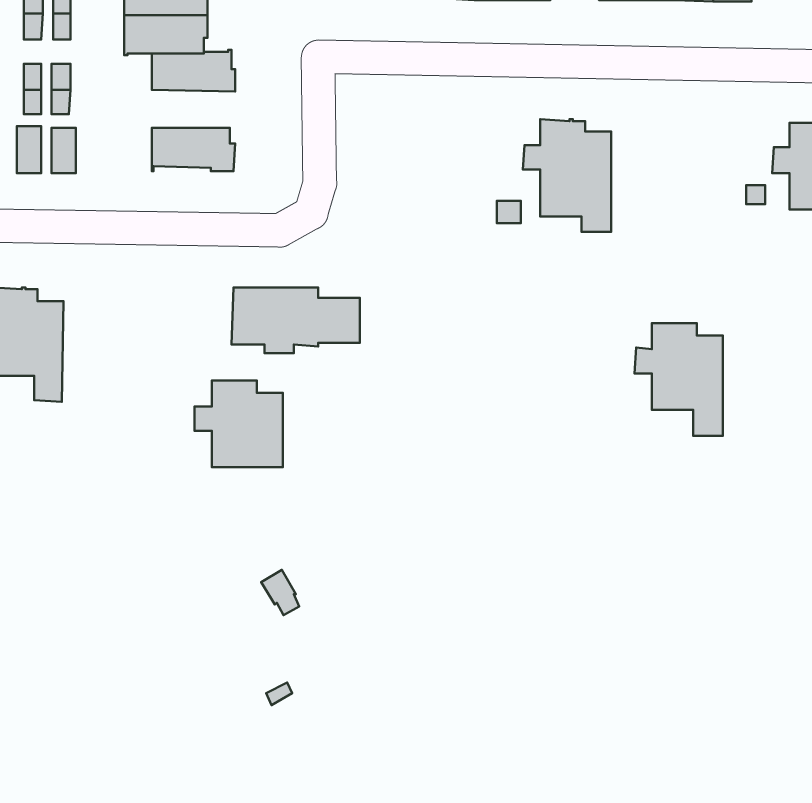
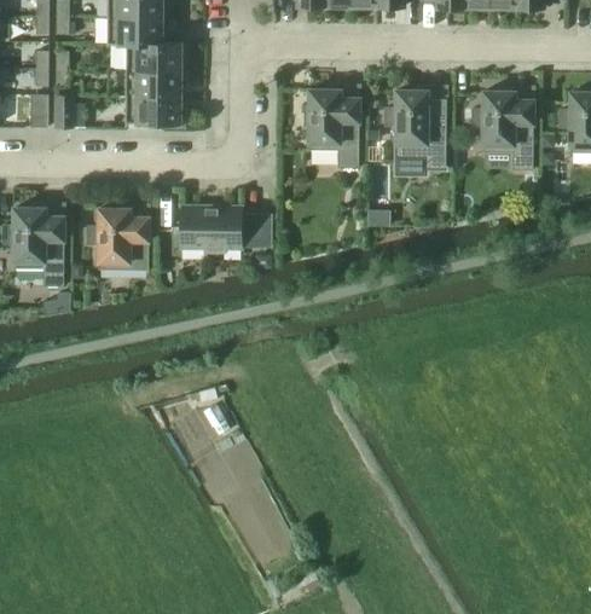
building: none -> [126,69,184,95]
building: none -> [305,88,359,168]
building: [634,323,723,436] -> [471,91,533,169]
building: [195,381,283,467] -> [87,208,149,268]

